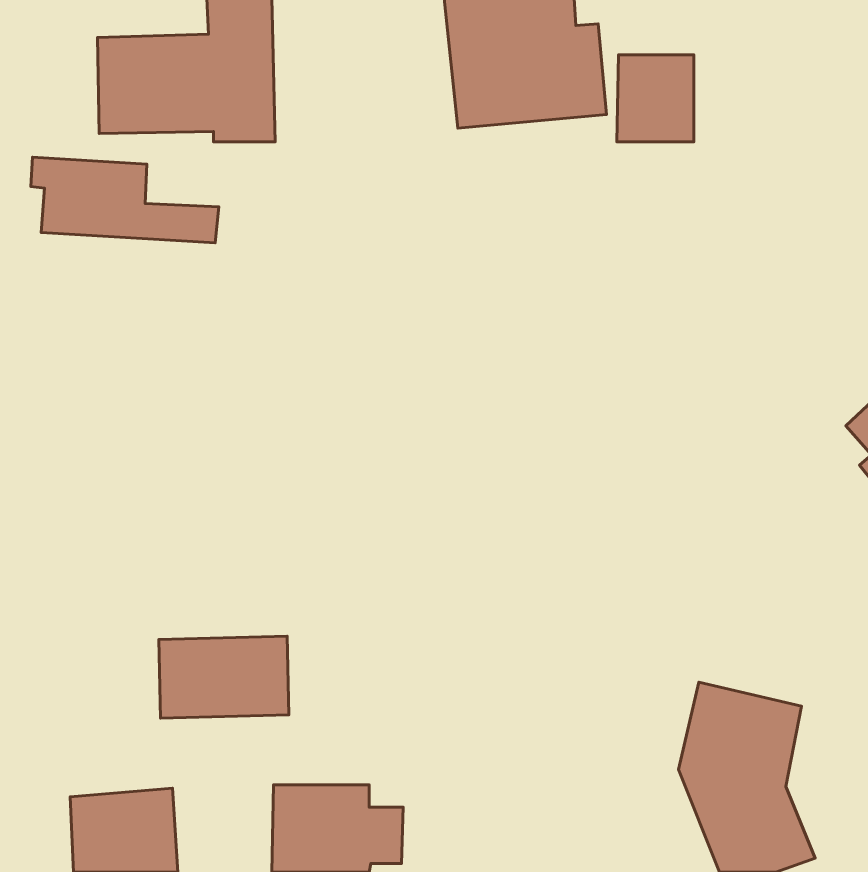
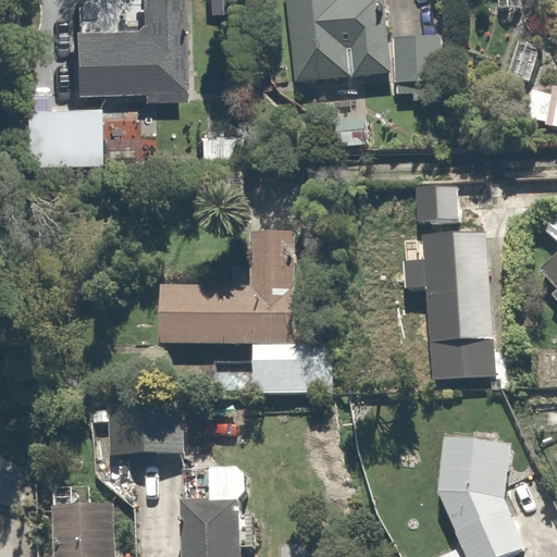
building: none -> [416,184,467,223]
building: none -> [420,231,502,382]
building: none -> [159,233,323,393]

